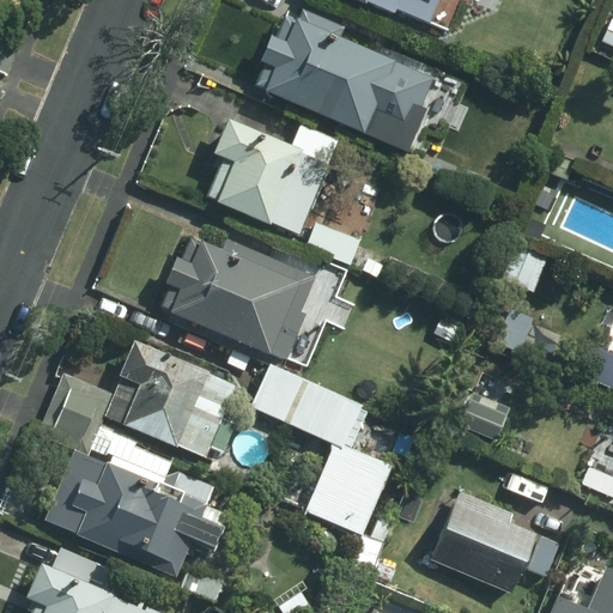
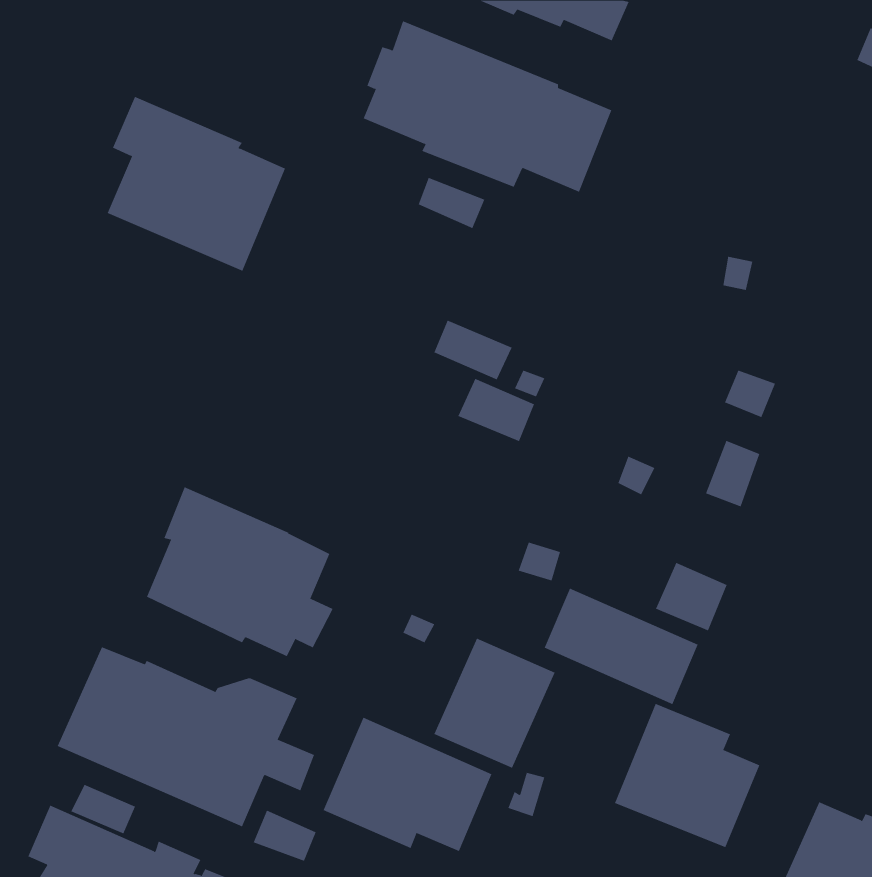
building: [207,116,332,238] -> [107,96,286,272]
building: [159,238,314,359] -> none
building: [253,365,360,447] -> [544,588,699,705]
building: [40,374,113,454] -> none
building: none -> [323,717,492,852]

